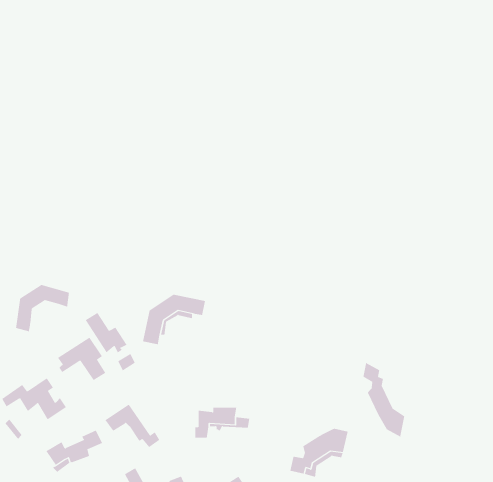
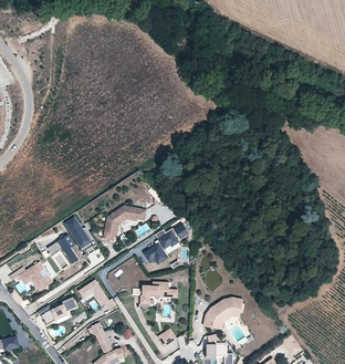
building: [16,284,69,332] -> none
building: none -> [143,225,187,263]
building: [363,362,405,438] -> none

